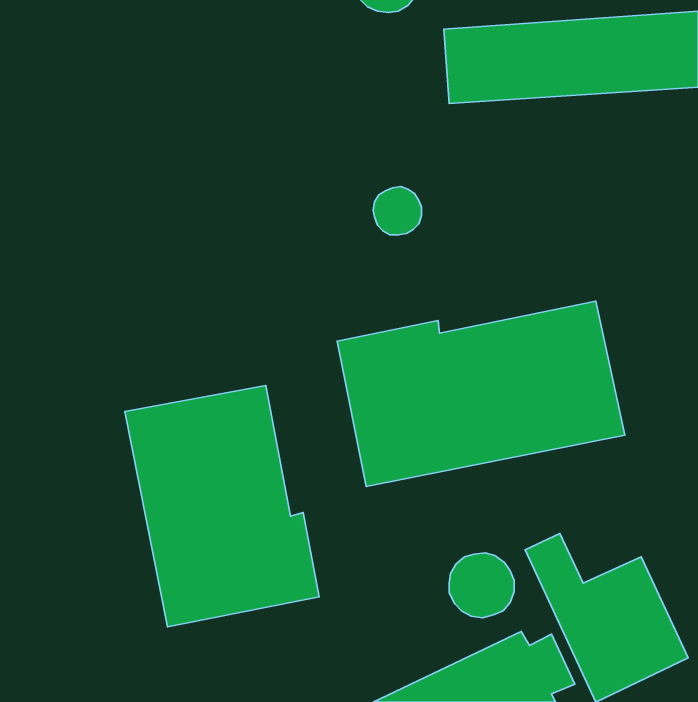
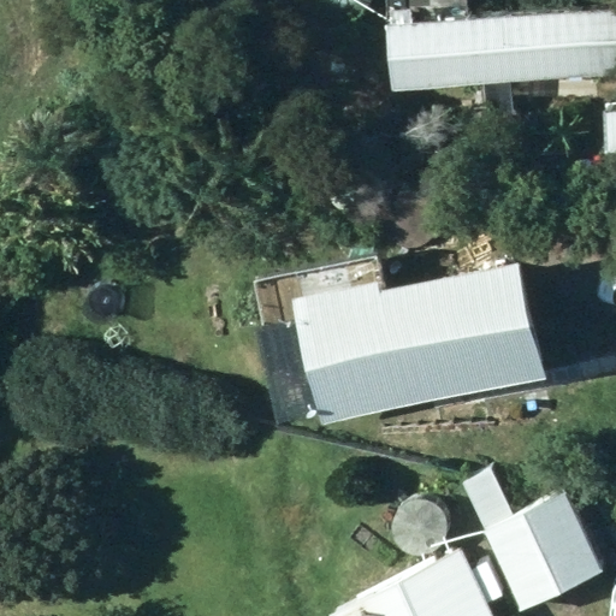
building: [125,386,319,627] -> none

